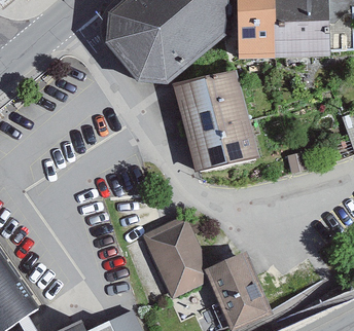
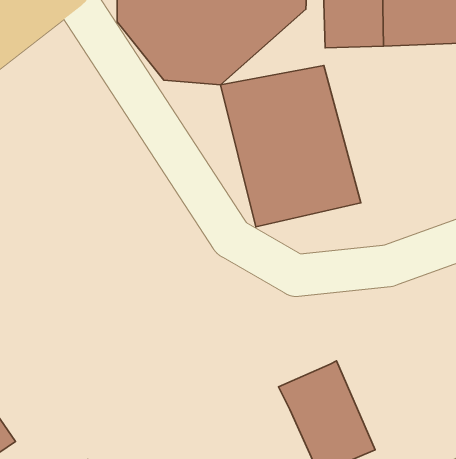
building: [142,216,211,297] -> none

